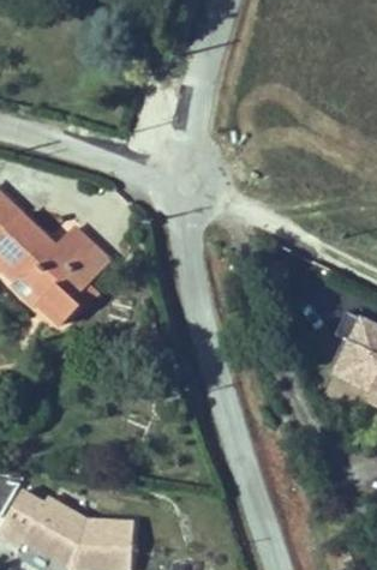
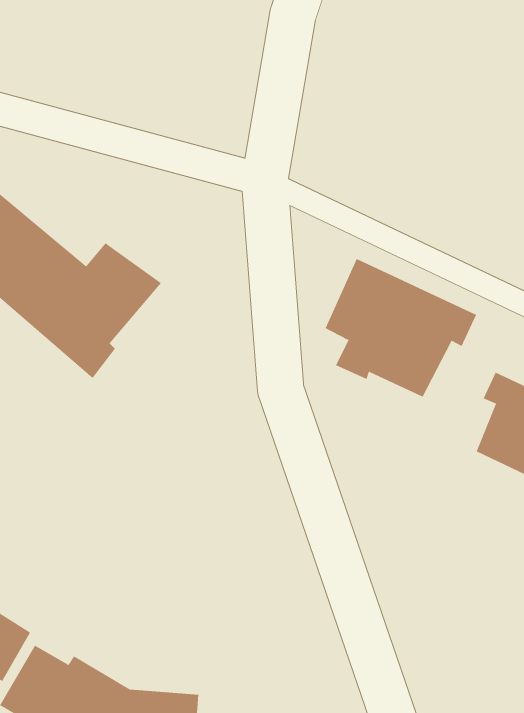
building: none -> [325,258,477,397]

